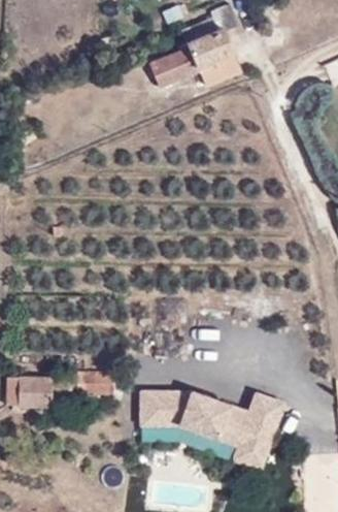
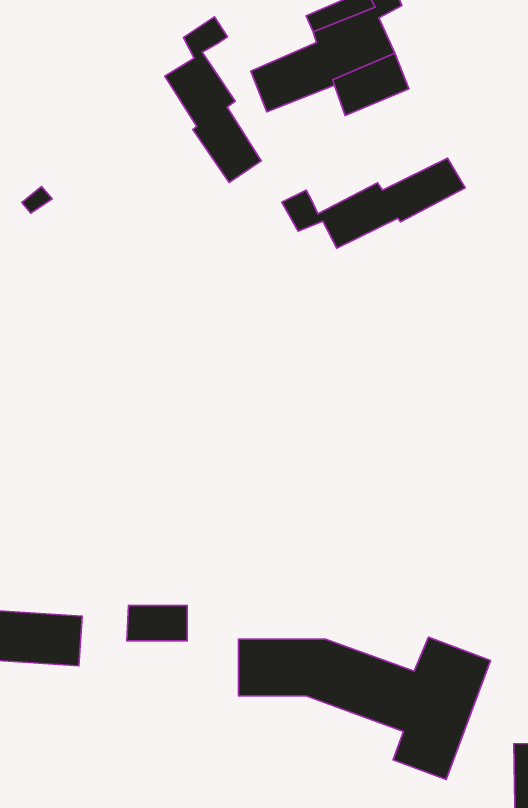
building: none -> [165,17,261,183]
building: none -> [282,158,465,248]

